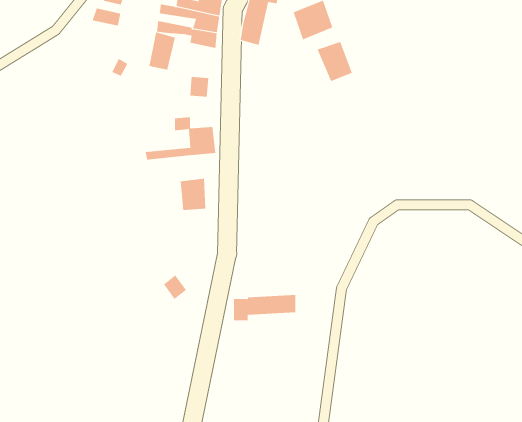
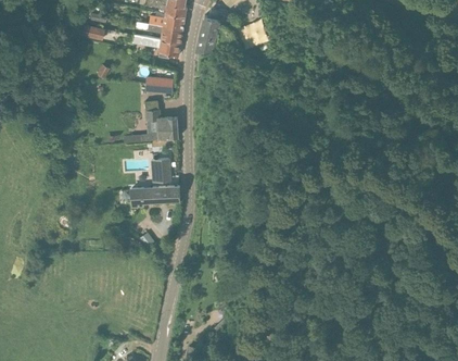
building: [149,32,175,70] -> none
building: [317,41,352,82] -> none
building: [233,294,296,321] -> [131,185,180,206]

